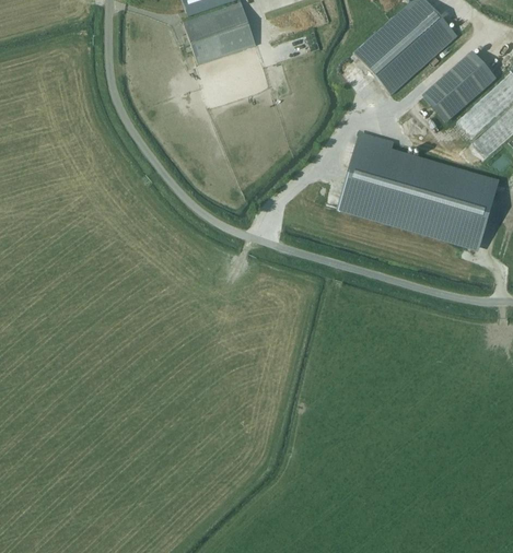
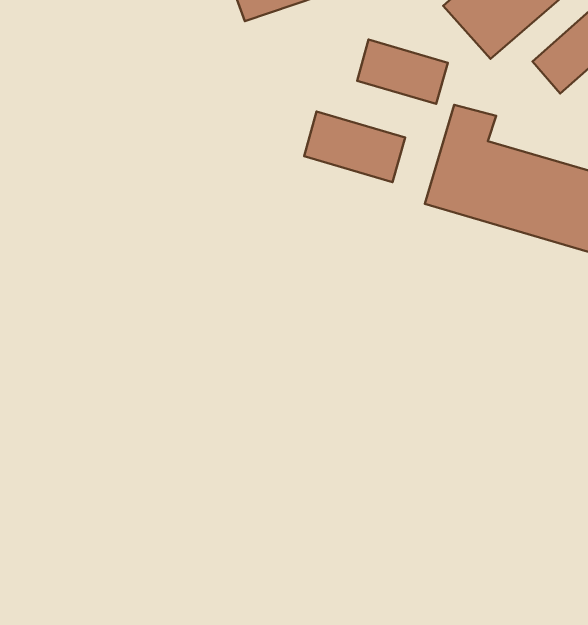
building: none -> [357,39,448,104]
building: none -> [304,112,405,182]

